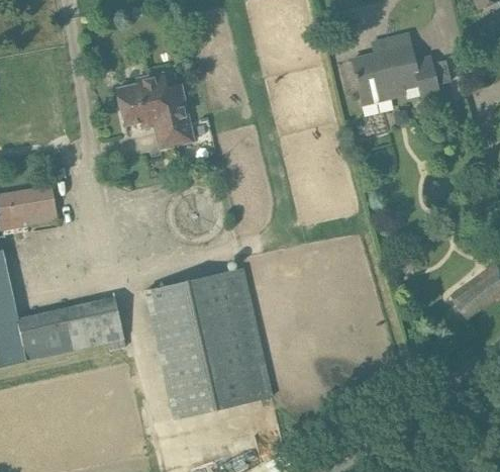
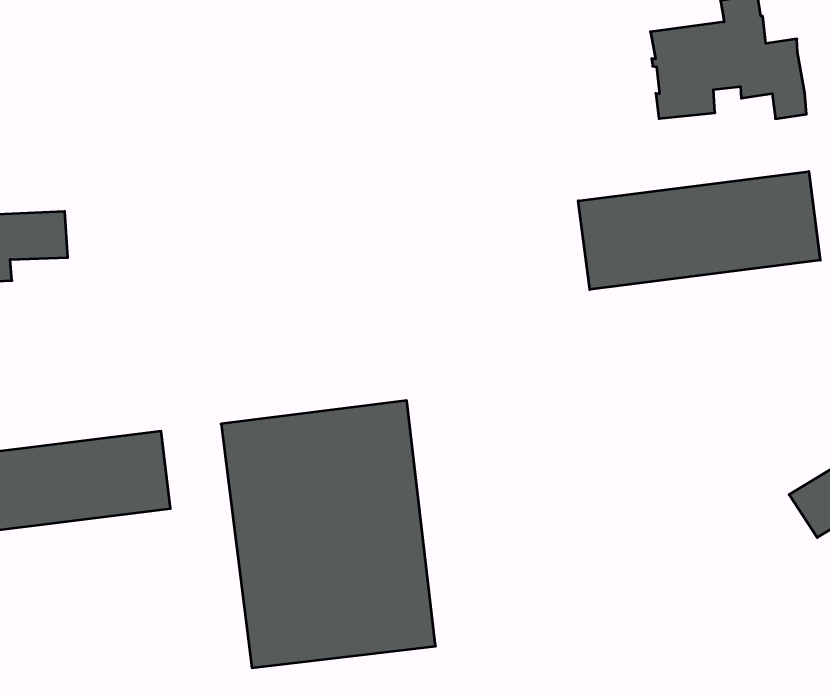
building: [116,72,193,147] -> none
building: none -> [578,171,820,290]

